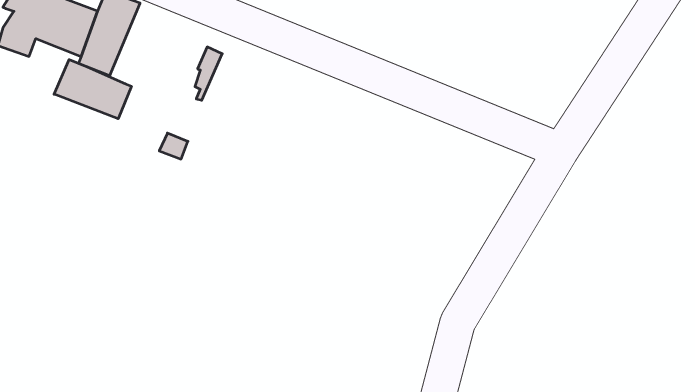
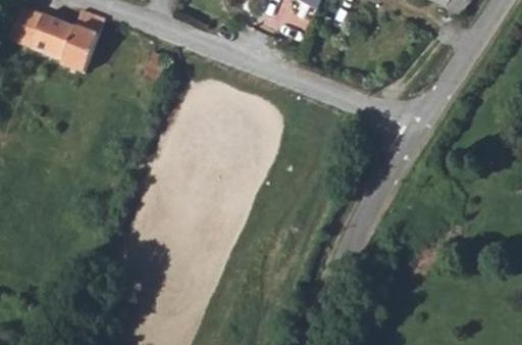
building: [54,60,131,119] -> none

